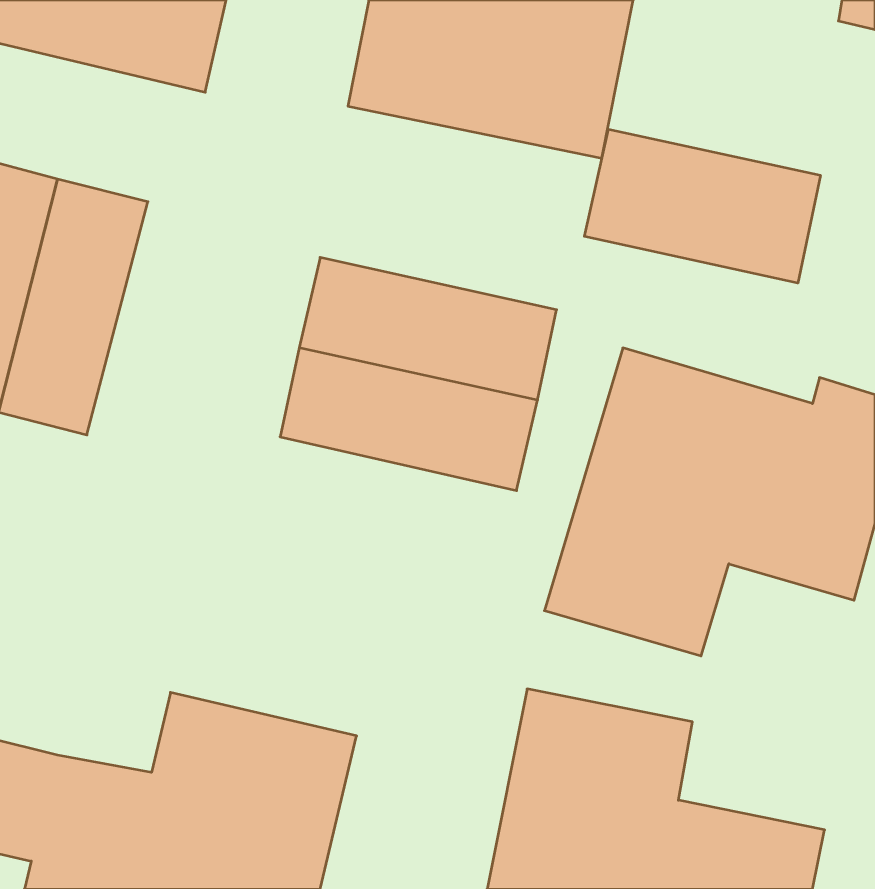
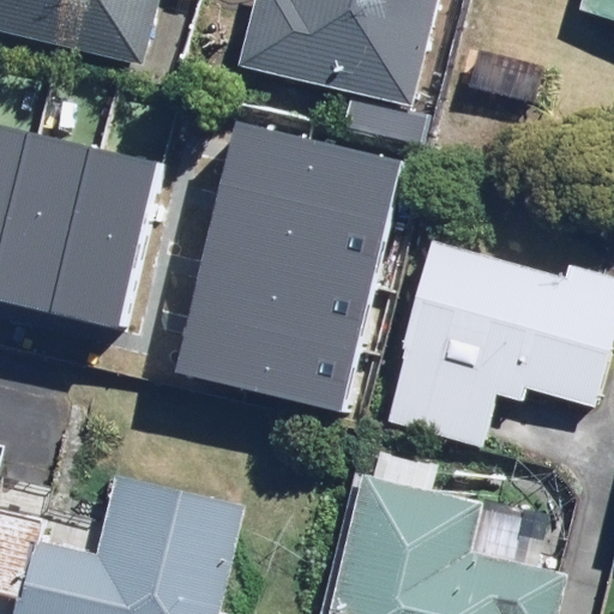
building: [584,129,820,283] -> none
building: none -> [221,115,398,213]
building: none -> [60,139,164,317]
building: none -> [179,301,356,401]

